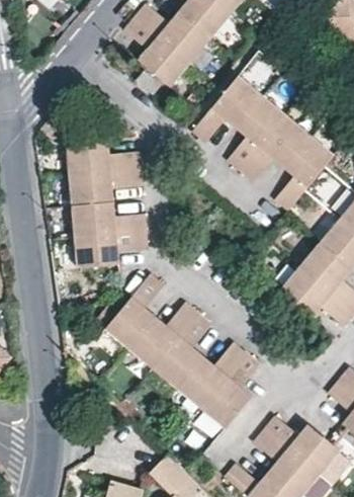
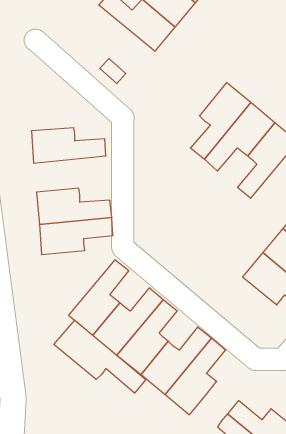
building: [122,16,190,86] -> none
building: [190,74,262,144] -> none
building: [68,168,143,204] -> none
building: none -> [54,320,146,393]

